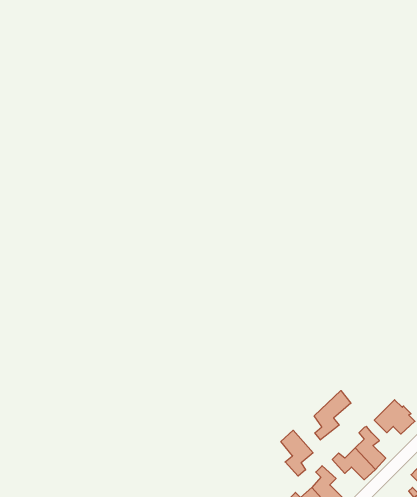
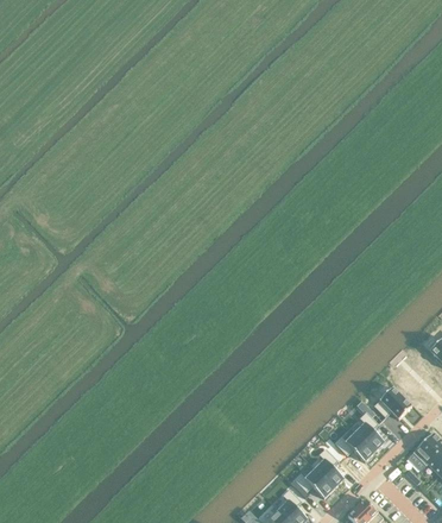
building: [314,391,351,440] -> none
building: [281,430,313,476] -> none

